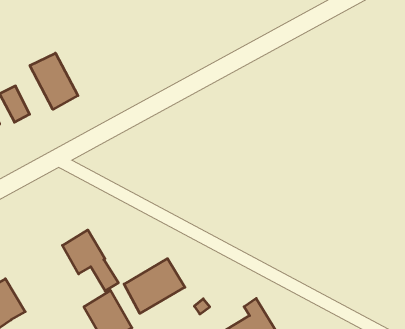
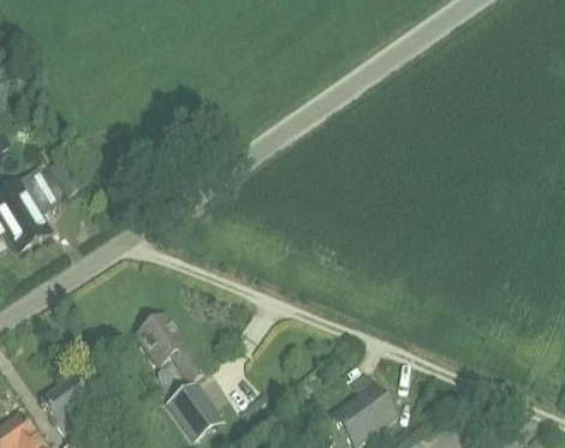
building: [30,53,78,109] -> none
building: [124,259,185,313] -> none

